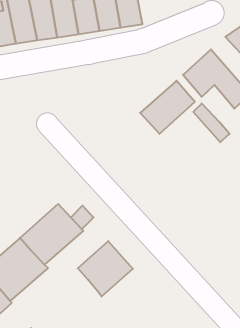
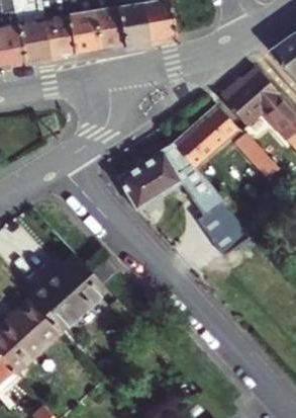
building: none -> [116,144,245,246]
building: [78,241,133,297] -> none

